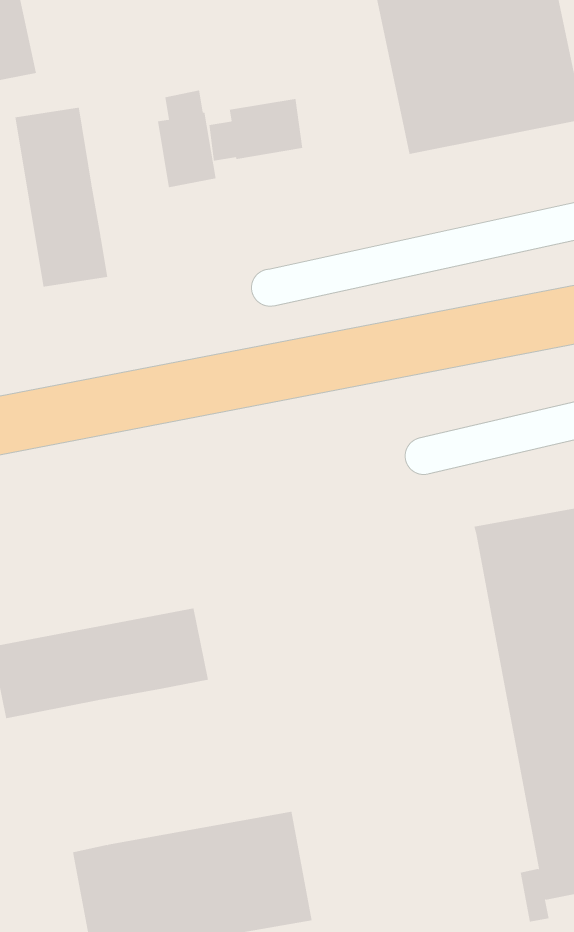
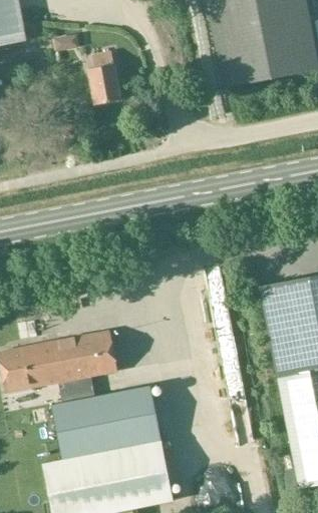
building: [209,98,303,162] -> none
building: [15,107,108,287] -> none
building: none -> [52,375,163,459]

